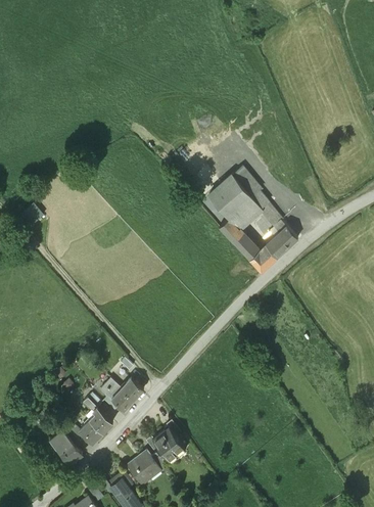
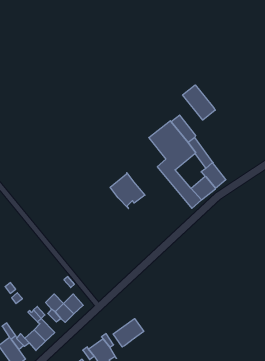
building: none -> [183,85,215,120]
building: none -> [110,173,145,209]
building: none -> [113,319,144,347]

